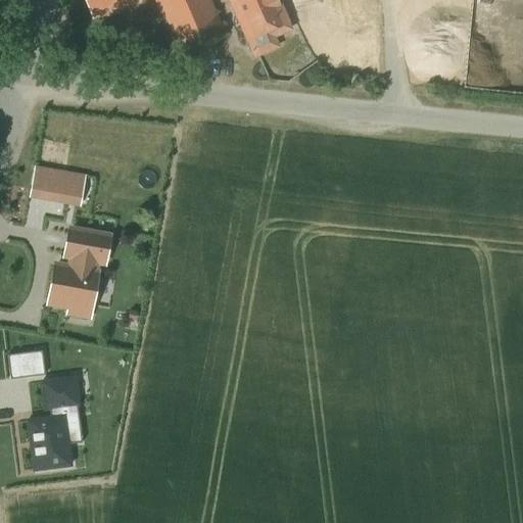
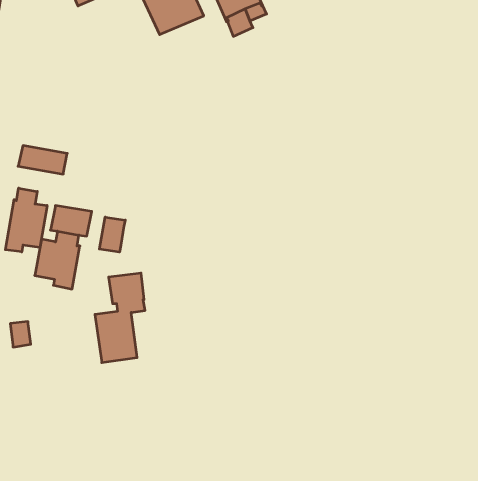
building: none -> [5,188,47,252]
building: none -> [99,217,125,252]
building: [28,375,80,468] -> [95,273,145,363]

